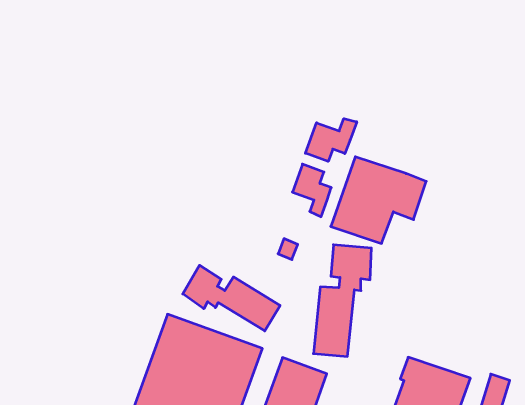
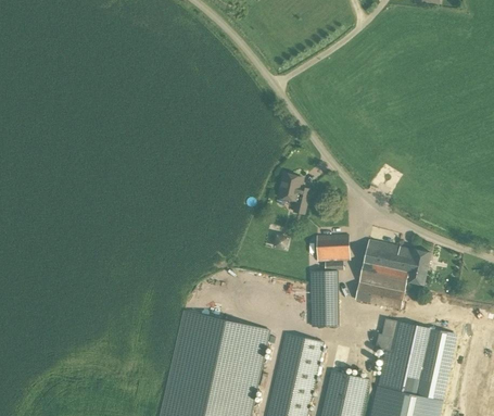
building: [305,119,357,161] -> none
building: [331,157,426,243] -> [354,240,428,308]
building: [183,265,280,331] -> none

